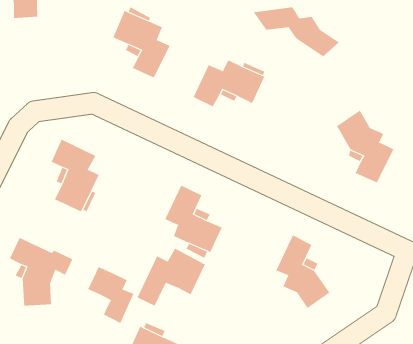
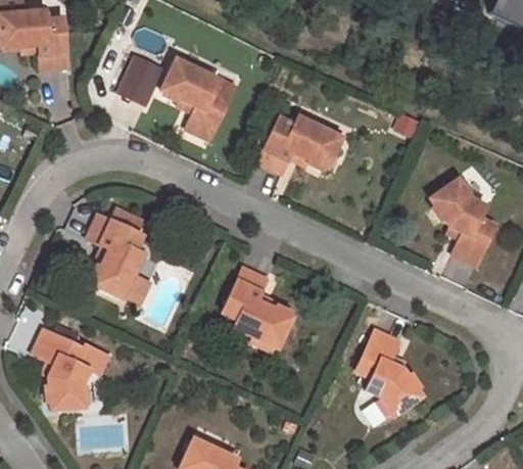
building: [253,7,340,57] -> none
building: none -> [116,64,161,112]
building: [137,248,206,306] -> none
building: [88,266,134,324] -> none

